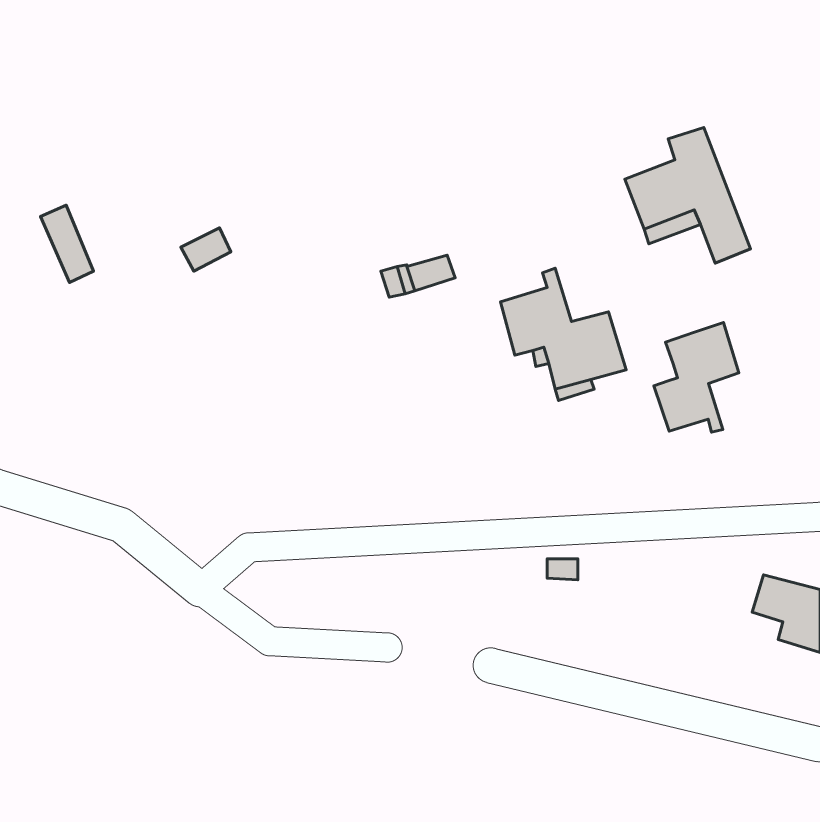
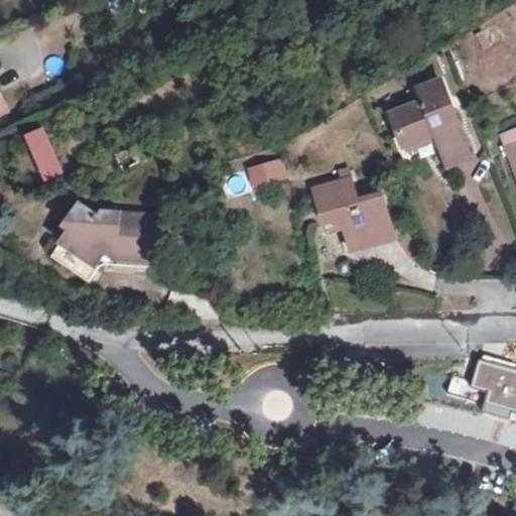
building: [654,322,739,432] -> none
building: none -> [51,204,164,277]

